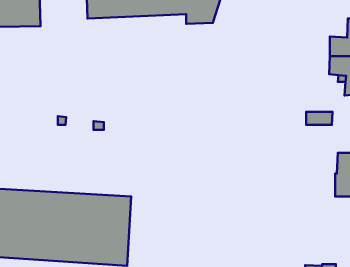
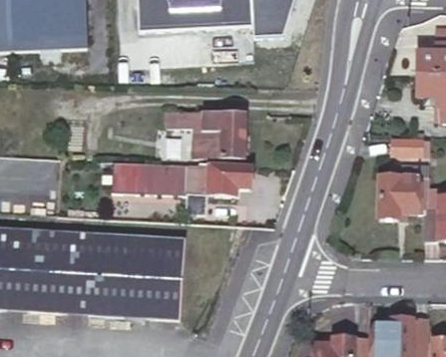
building: none -> [103,108,244,157]
building: none -> [108,162,183,195]
building: none -> [196,162,252,197]
building: none -> [378,164,430,218]

